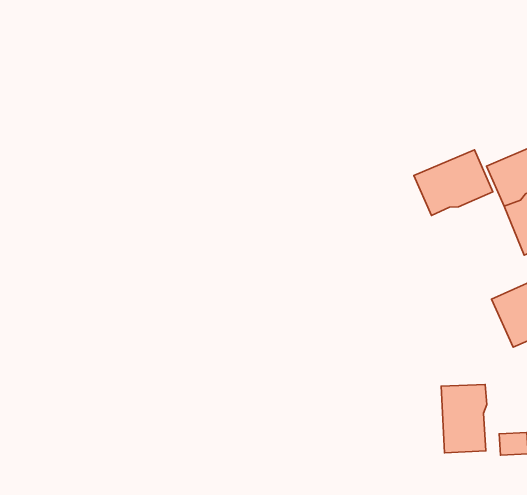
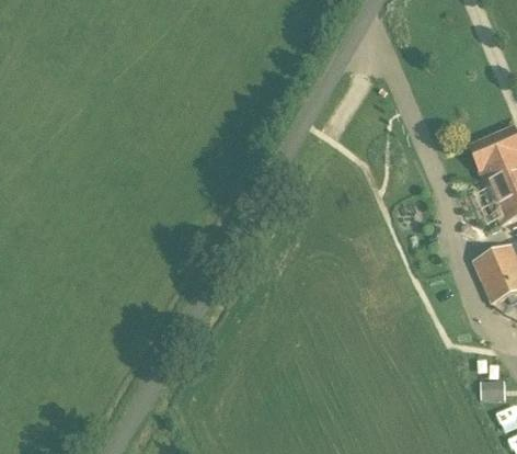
building: [414,150,493,215] -> none
building: [441,384,487,453] -> none

